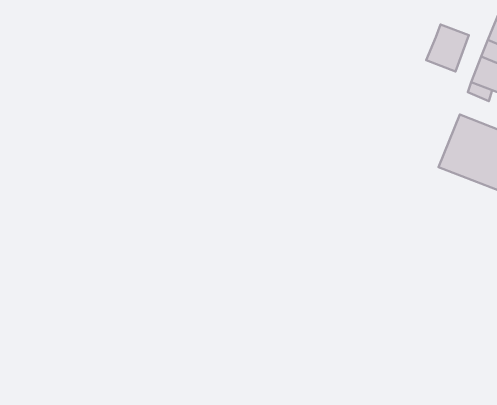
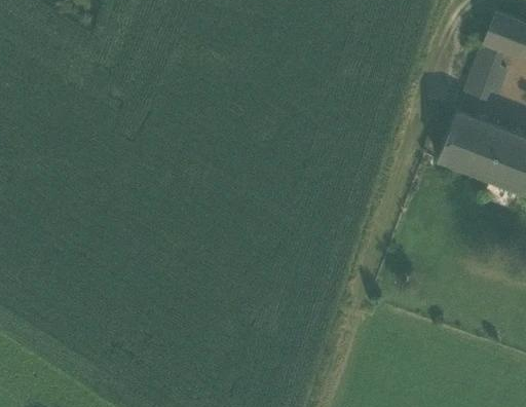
building: [426,25,469,71] -> none

